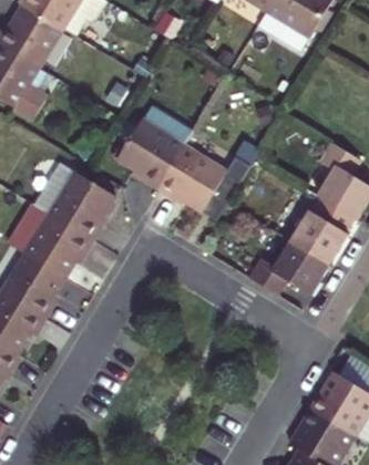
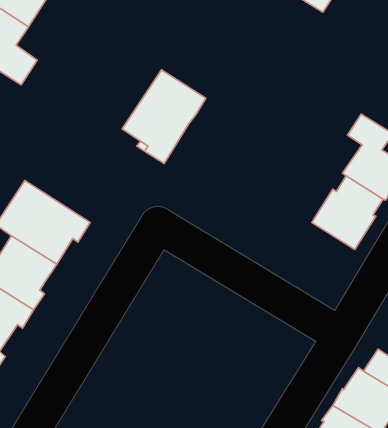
building: [158,144,244,219] -> none
building: [33,163,113,241] -> none
building: [249,241,330,297] -> none

